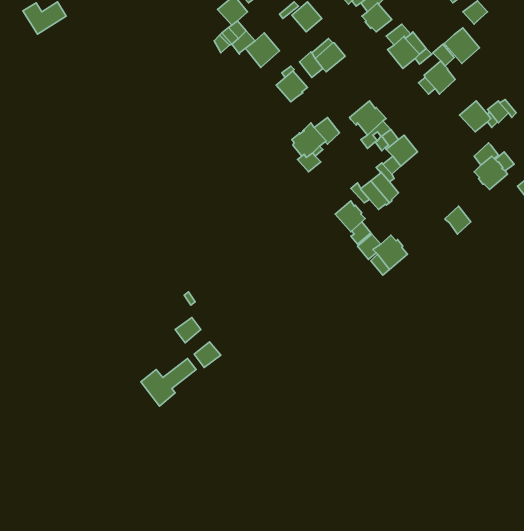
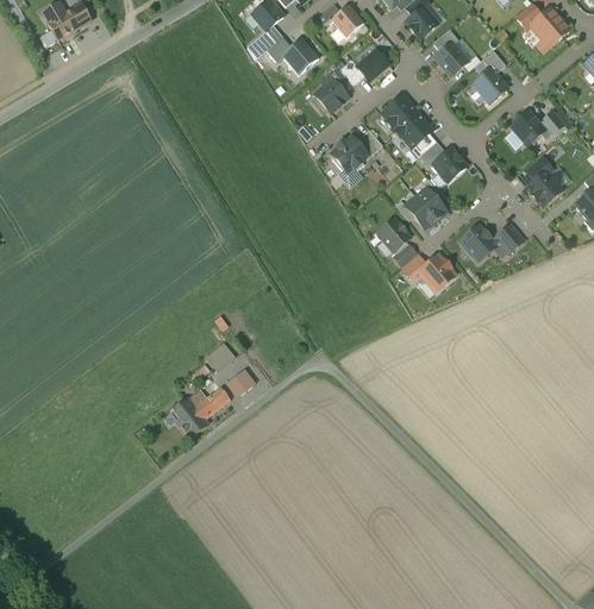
building: [444,28,480,63] -> [530,8,568,46]
building: none -> [382,95,414,128]
building: none -> [459,225,500,260]

